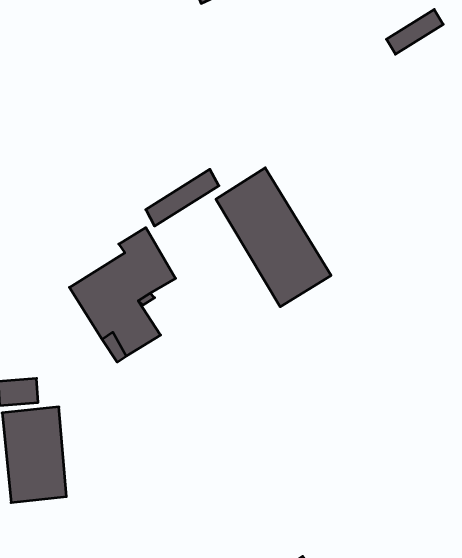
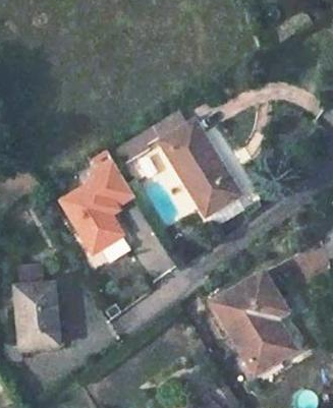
building: none -> [212,273,294,373]

